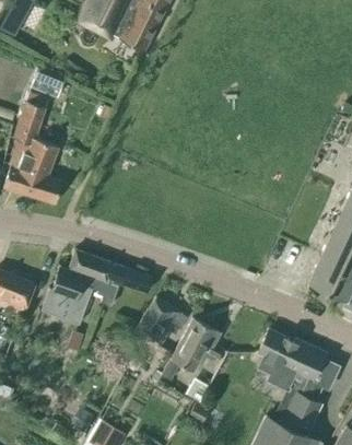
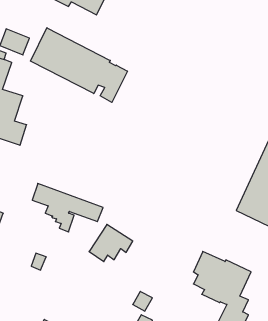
building: none -> [30,28,127,102]
building: [42,267,93,325] -> none
building: [162,318,221,377] -> none

